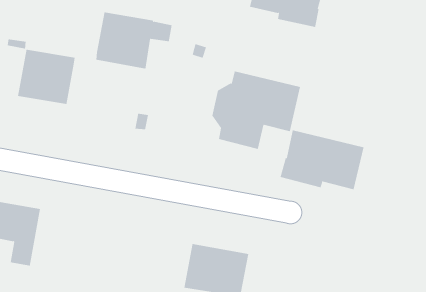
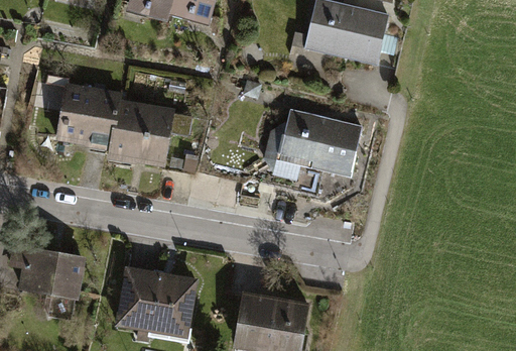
building: [95,12,172,69] -> [109,102,191,163]
building: [280,130,364,190] -> none
building: none -> [117,268,194,339]

